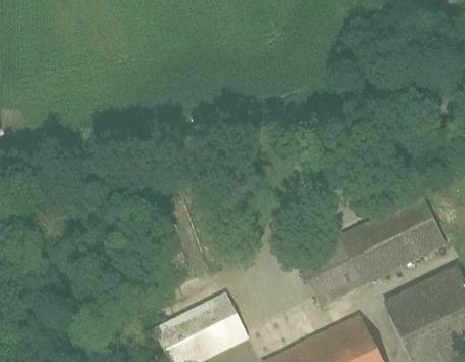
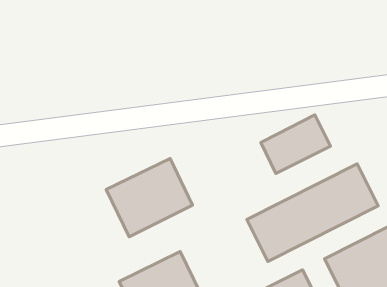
building: none -> [261,115,331,173]
building: none -> [106,159,192,237]

